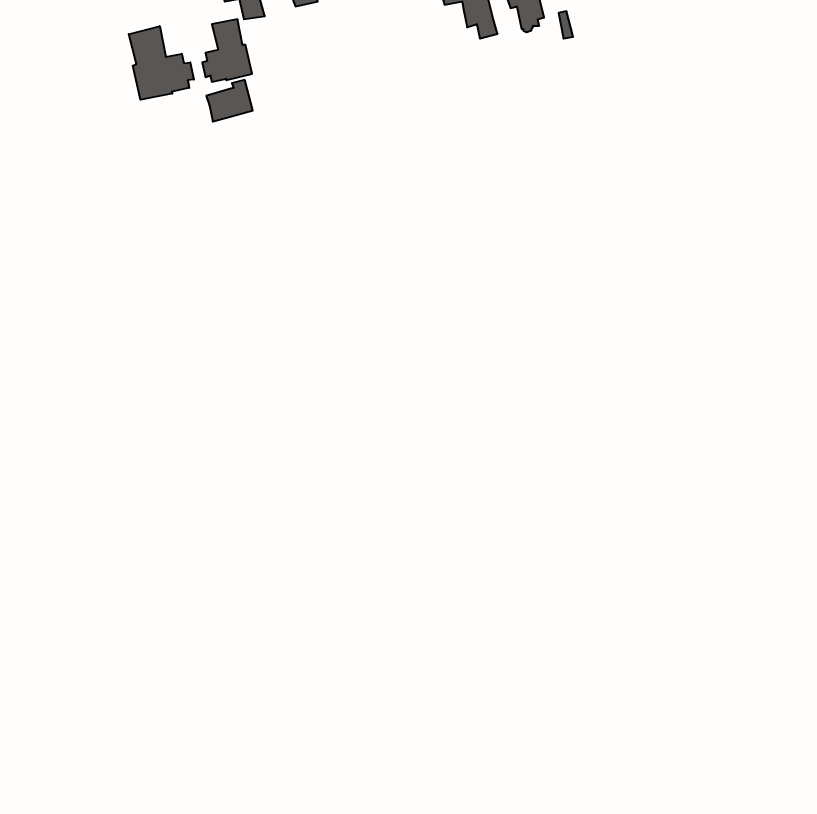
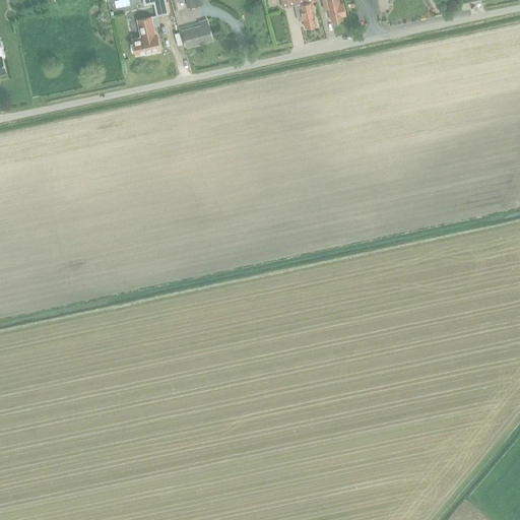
building: [129,26,194,100] -> none
building: [206,80,253,122] -> [181,16,210,43]

